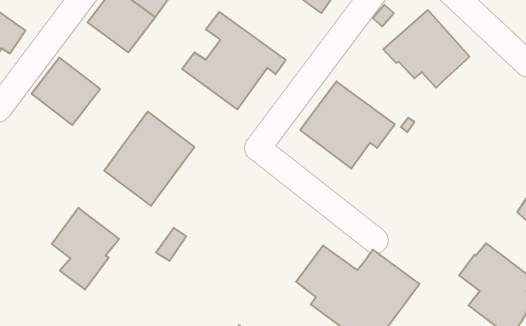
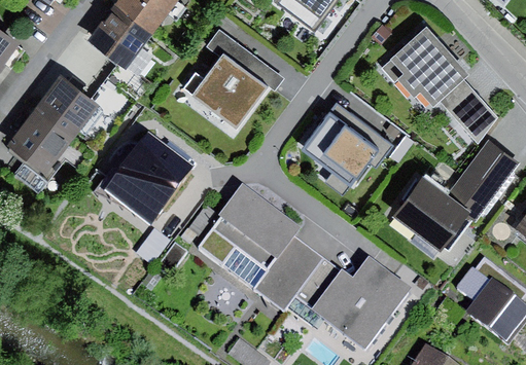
building: none -> [440,76,496,141]
building: none -> [389,139,518,250]
building: none -> [197,189,321,313]
building: [52,208,119,290] -> [5,110,72,191]

